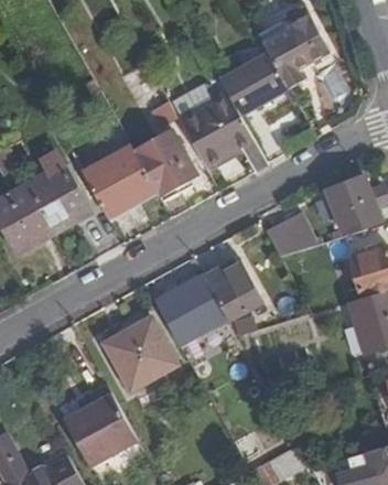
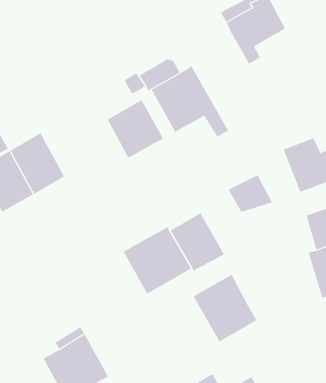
building: [220,56,290,119] -> none
building: [83,149,154,218] -> none
building: [107,321,177,392] -> none
building: none -> [193,274,257,343]

